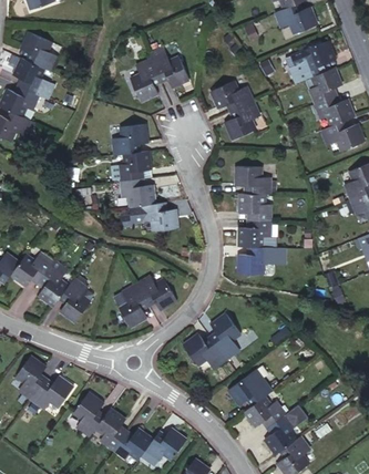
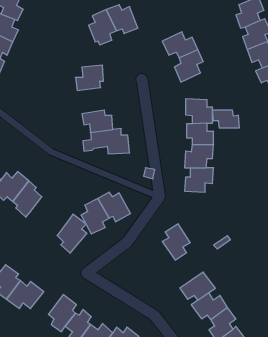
building: [115,148,147,181] -> none
building: none -> [213,110,239,128]
building: [54,272,90,319] -> [57,214,87,253]
building: [187,330,227,362] -> none

